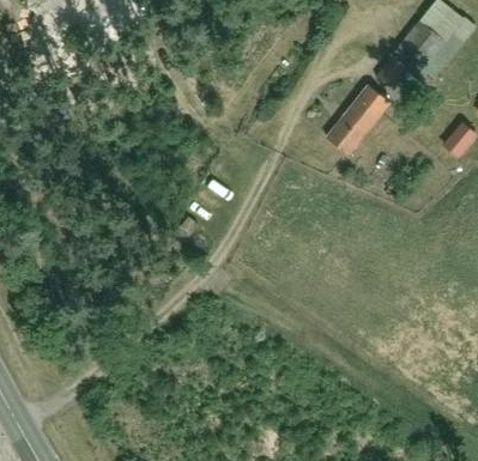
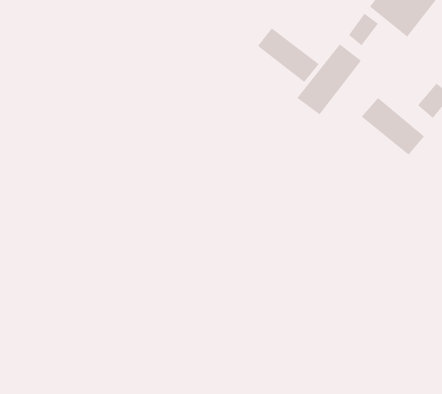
building: none -> [257,27,320,83]
building: none -> [361,97,425,156]

